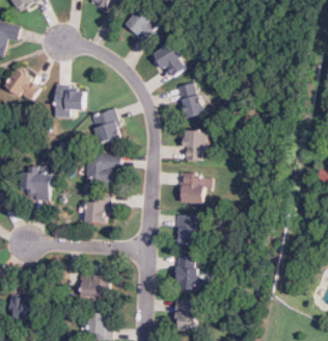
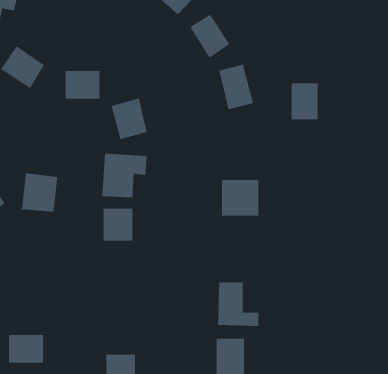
building: [183,131,204,160] -> [291,83,318,120]
building: [175,216,199,244] -> none
building: [81,274,109,296] -> none

